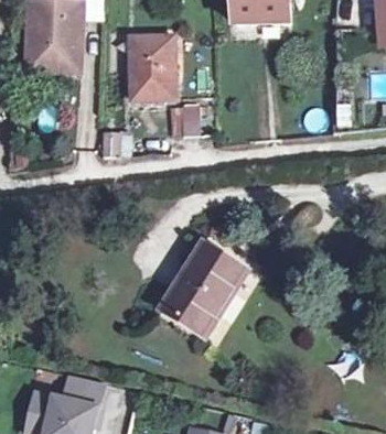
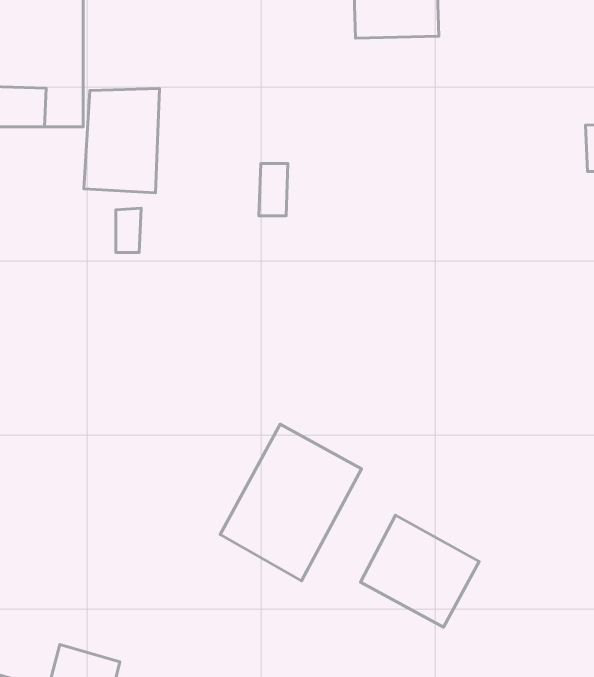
building: [135,42,178,101] -> [84,89,159,193]
building: none -> [361,515,479,627]

